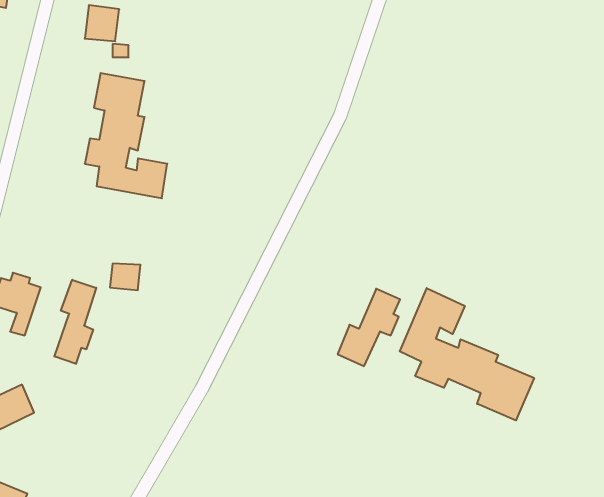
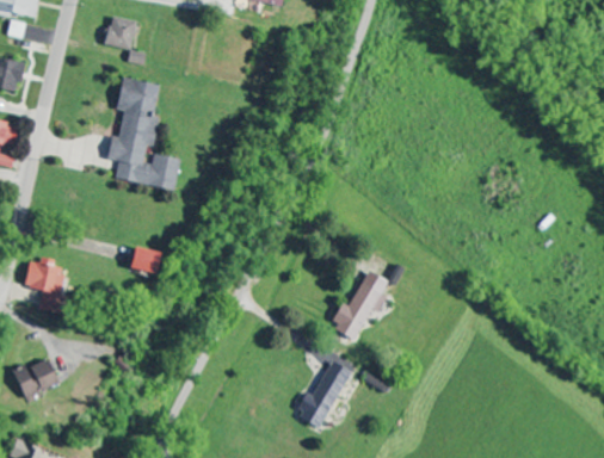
building: [54,280,96,364] -> none
building: [400,288,534,420] -> none
building: none -> [297,360,352,428]

